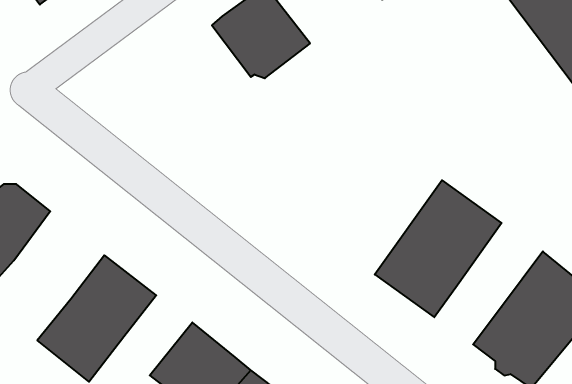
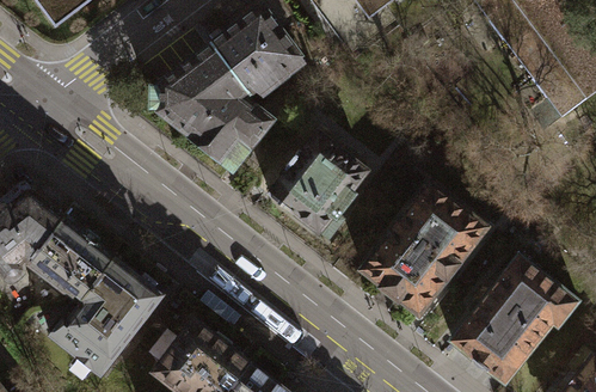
building: none -> [153,44,271,167]
building: none -> [269,131,365,239]
building: none -> [30,216,113,298]

